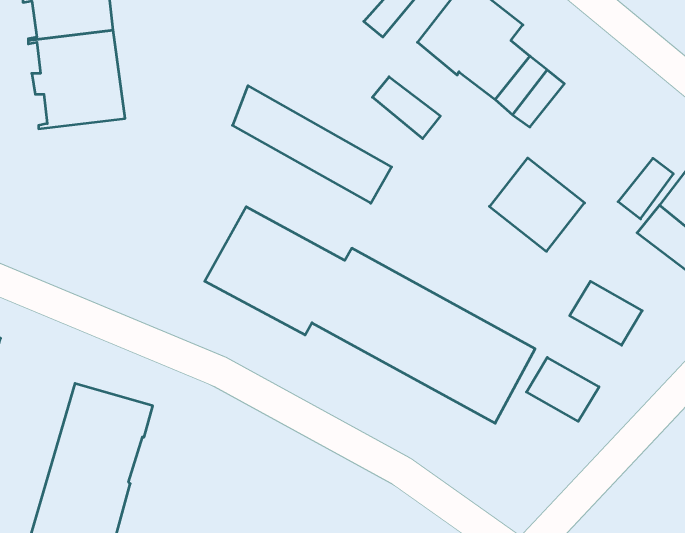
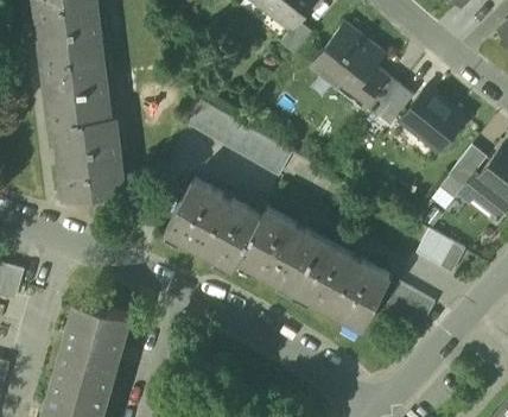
building: [372,77,440,139] -> none
building: none -> [51,118,123,200]
building: [489,158,585,251] -> [400,88,465,152]

